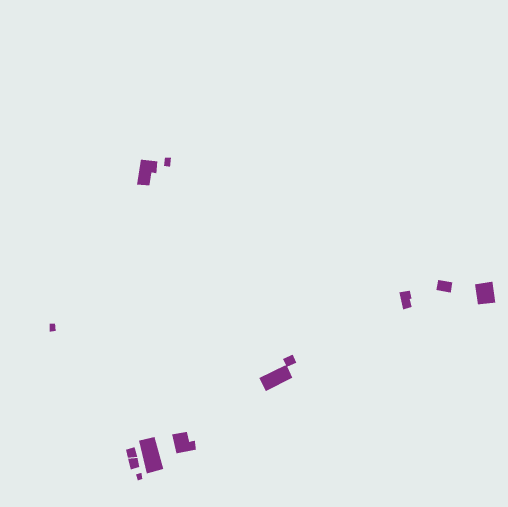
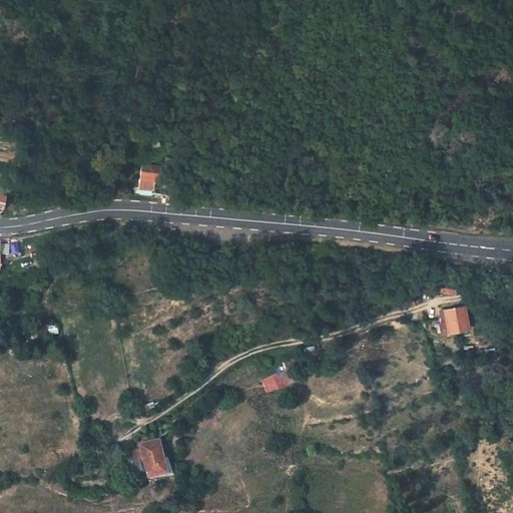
building: [474,281,496,305] -> [448,306,470,330]
building: [171,431,196,454] -> none

